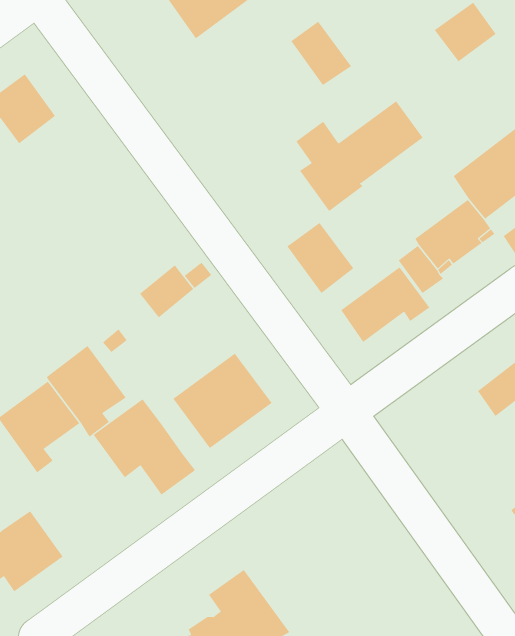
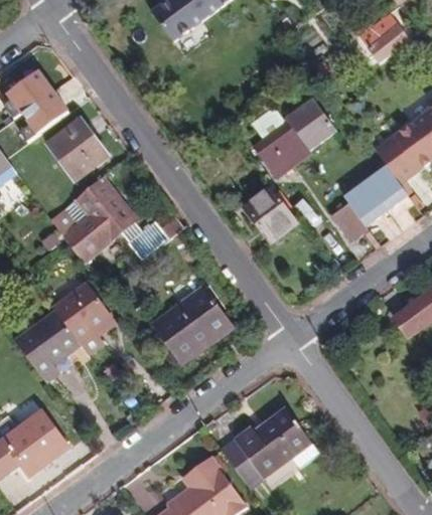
building: [291,21,352,86] -> none
building: none -> [47,119,108,180]
building: none -> [51,177,135,262]
building: [341,267,430,343] -> none
building: [93,398,196,495] -> none
building: none -> [222,409,320,490]

